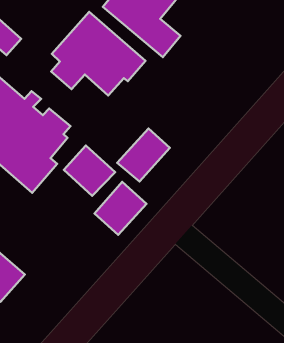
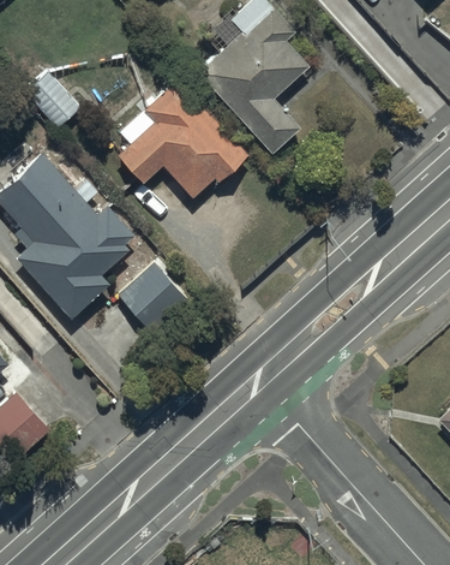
building: [117,128,170,182] -> none
building: [94,182,146,235] -> none

